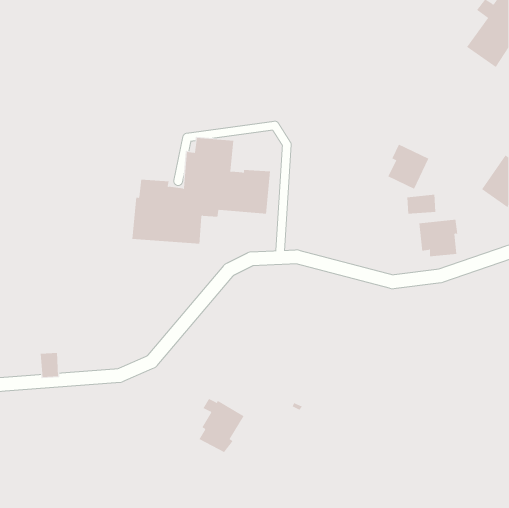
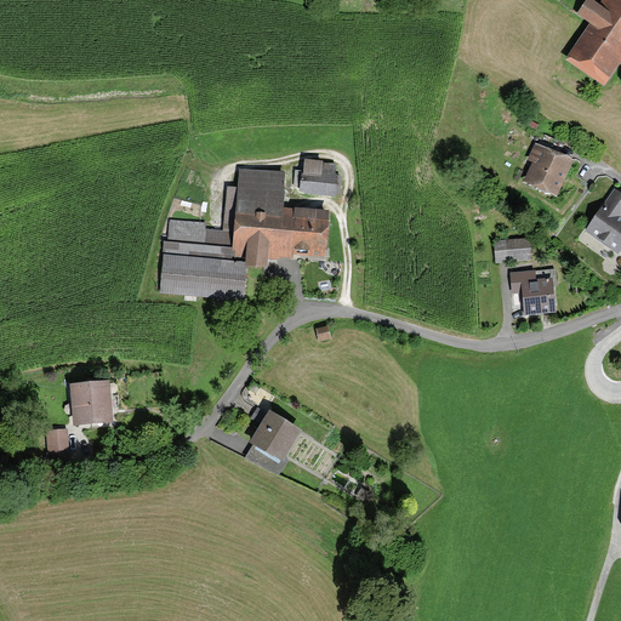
building: none -> [301,158,337,194]
building: [387,144,429,189] -> [524,139,575,195]
building: none -> [72,382,110,422]
building: [199,398,244,453] -> [246,406,302,473]

